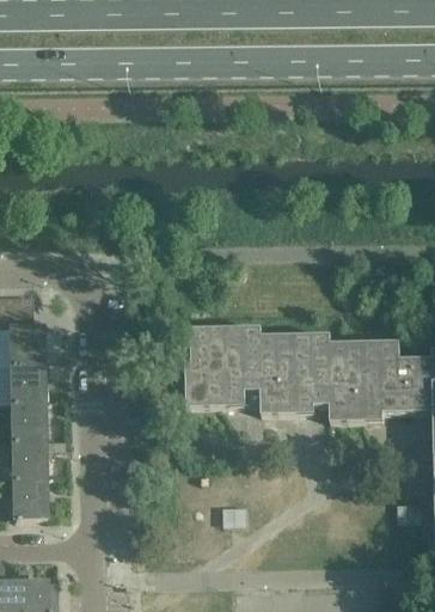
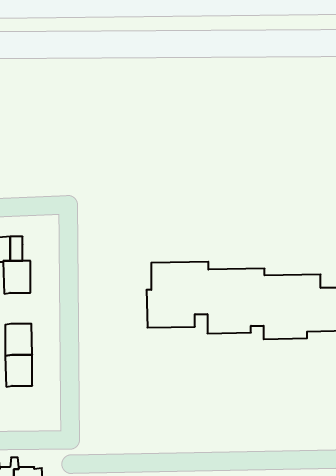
building: [10,366,43,405] -> none
building: [12,481,45,521] -> none

